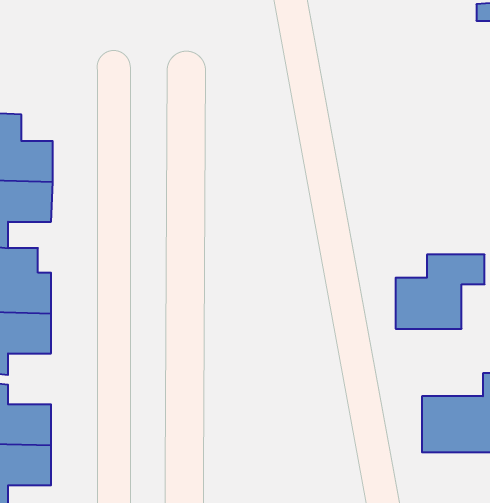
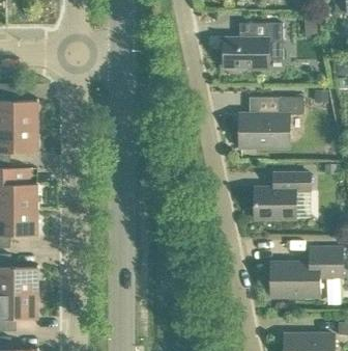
building: none -> [223,23,283,70]
building: none -> [239,97,303,147]

